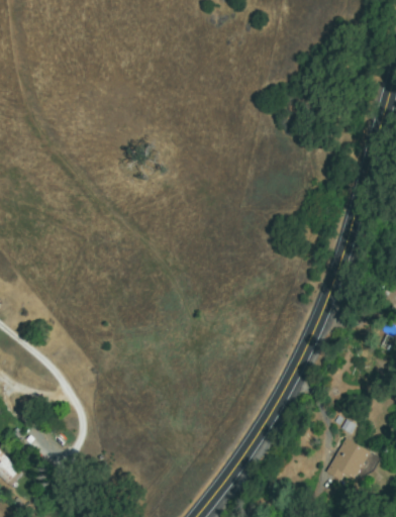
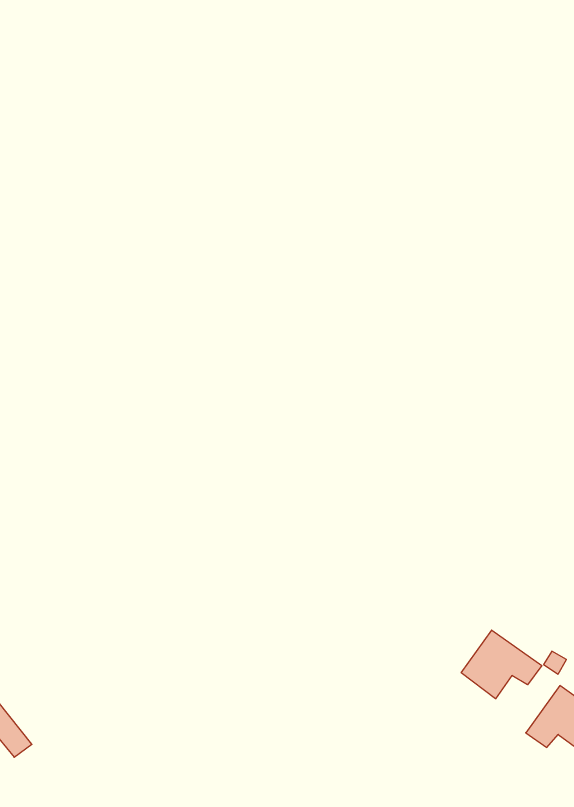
building: none -> [461,630,542,699]

